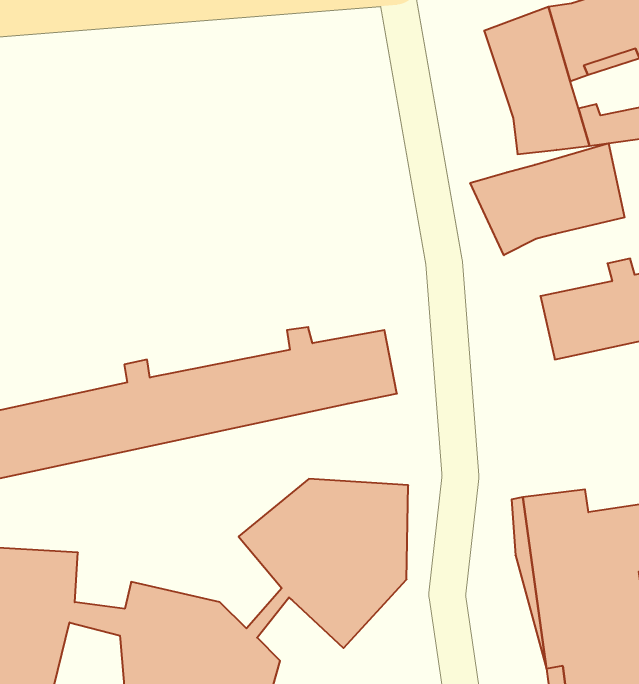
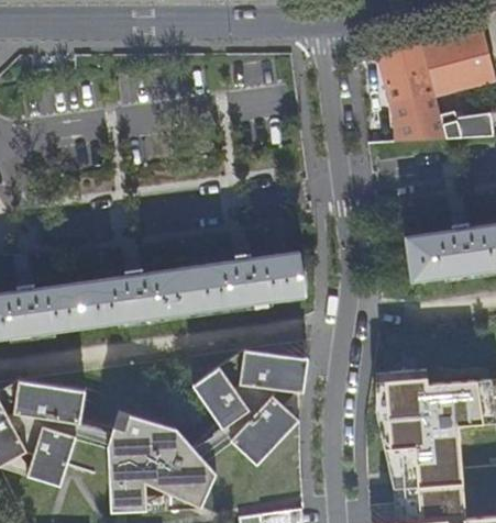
building: [470,143,625,255] -> none

